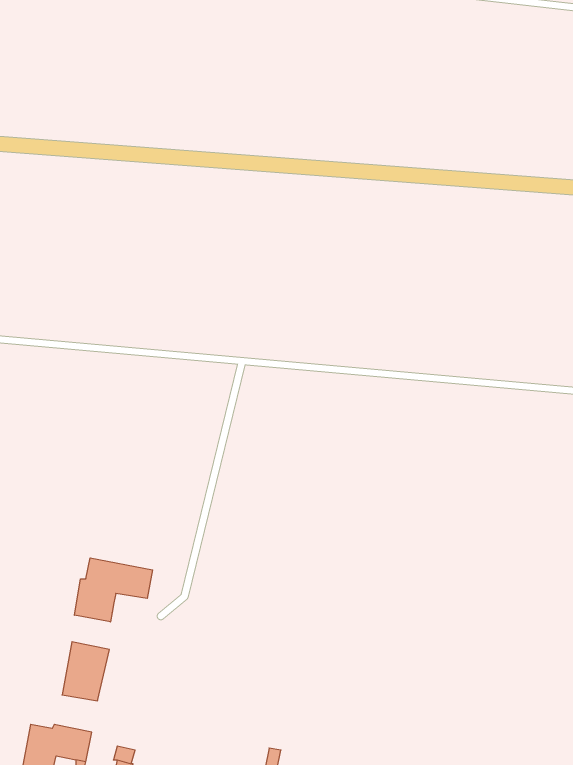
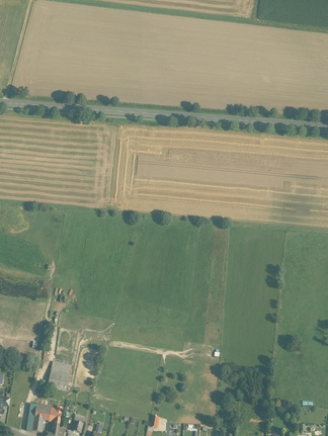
building: [74,558,153,622] -> none

